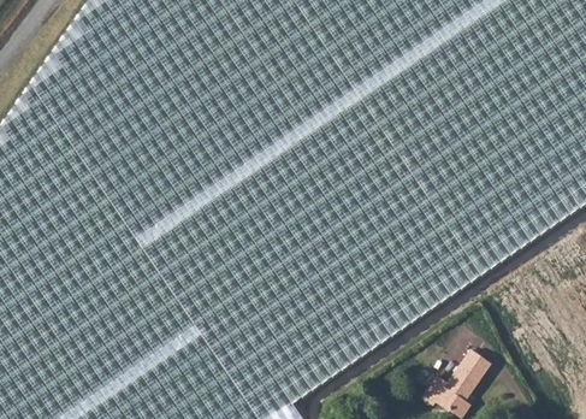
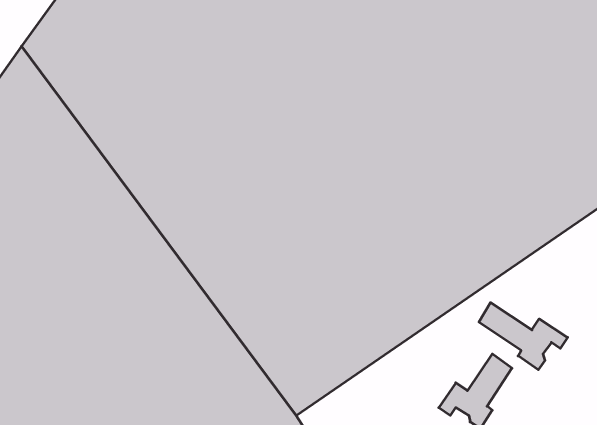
building: none -> [479,303,568,370]

